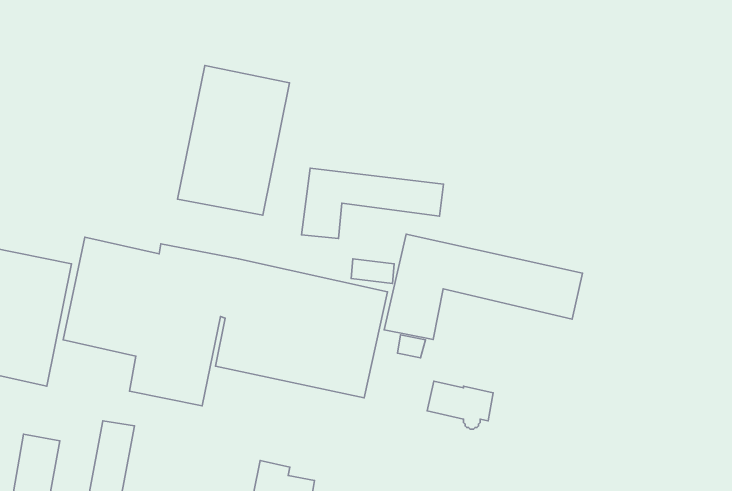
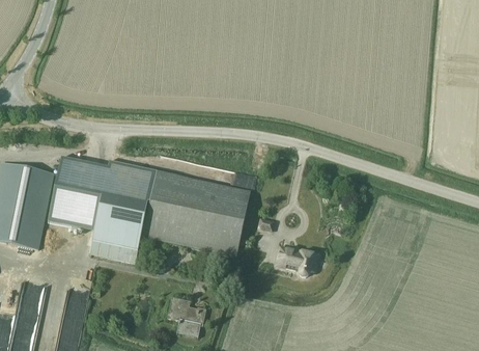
building: [177,65,290,215] -> none
building: [302,168,443,238] -> none
building: [384,234,583,340] -> none

